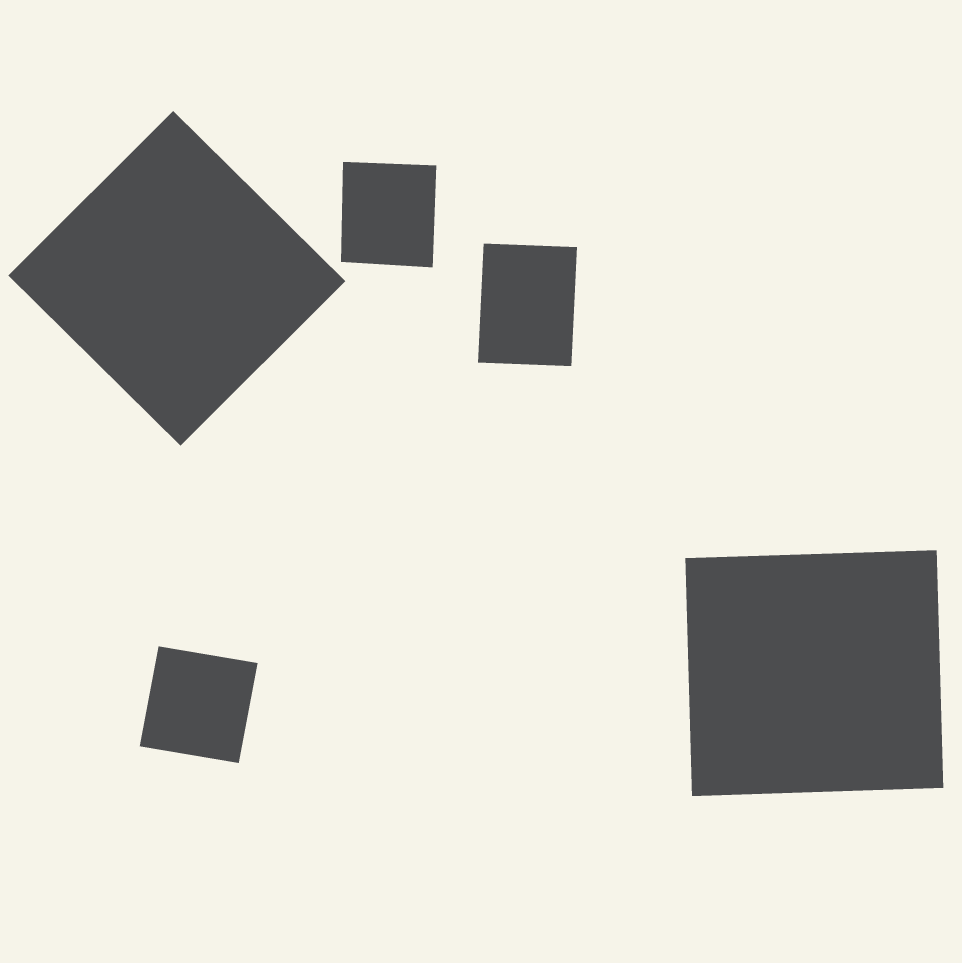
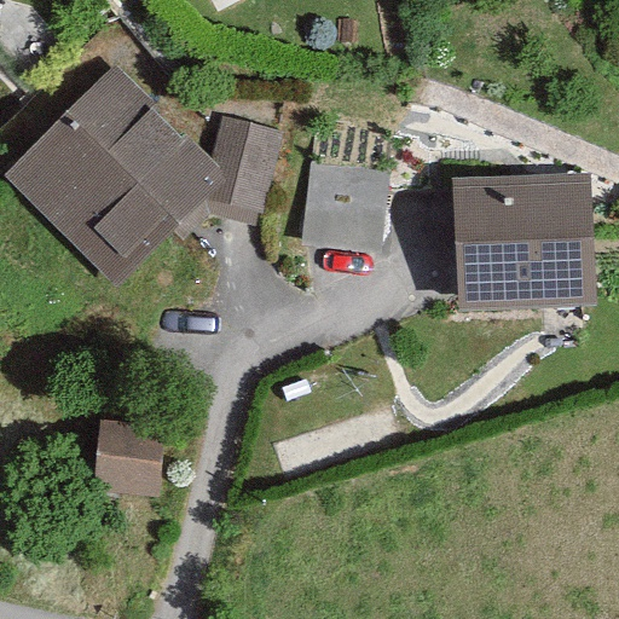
building: none -> [461,179,595,310]
building: [685,549,944,797] -> none

